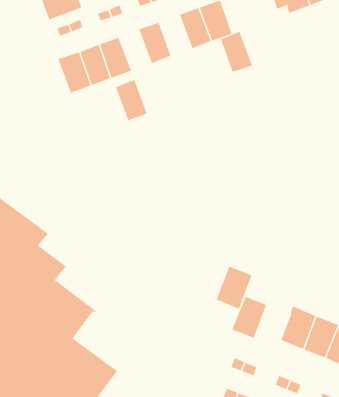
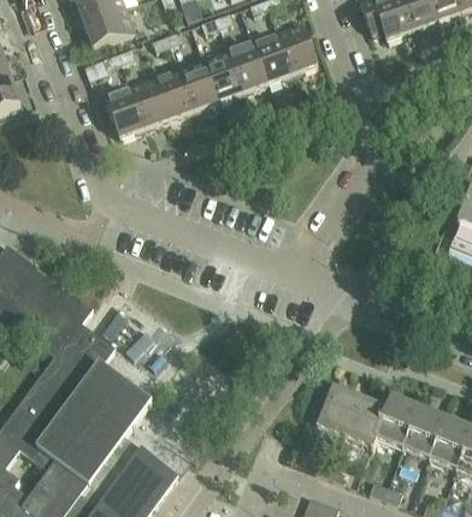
building: [220,31,253,73] -> [228,41,267,91]
building: [115,79,148,121] -> [178,59,218,109]
building: [216,266,252,309] -> [343,394,388,447]

